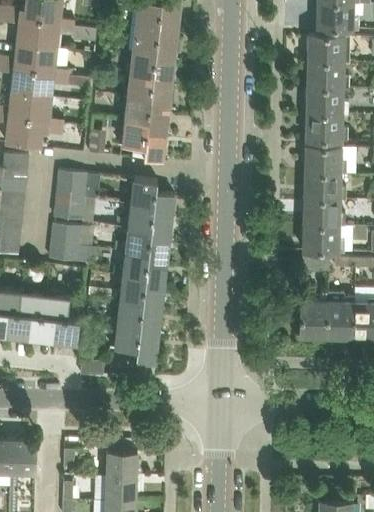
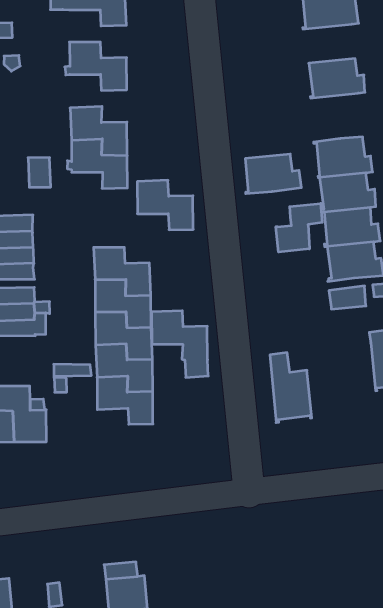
building: [127,24,176,66] -> none
building: [306,62,348,89] -> none
building: [126,73,170,114] -> none
building: [305,114,347,141] -> [245,154,301,194]
building: [130,180,173,221] -> [137,180,193,230]
building: none -> [276,203,322,252]
building: [299,287,327,338] -> [270,353,312,423]
building: [114,325,157,378] -> [152,311,208,377]

